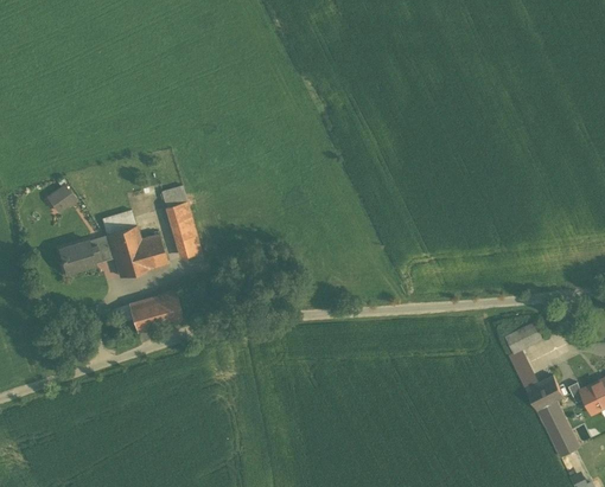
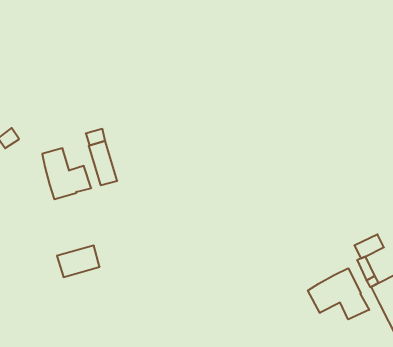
building: [59,236,115,273] -> none
building: [129,291,184,332] -> [57,246,100,277]
building: none -> [308,268,369,319]

